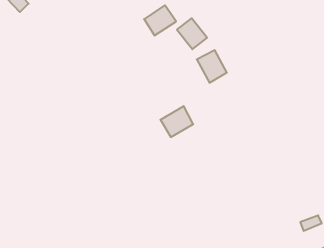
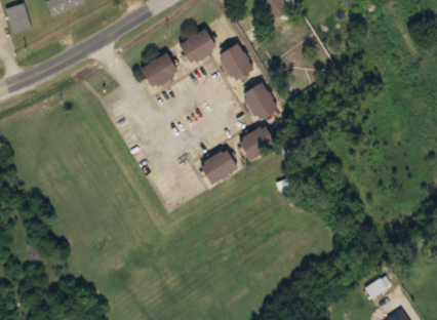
building: none -> [140,52,177,88]
building: none -> [237,124,276,161]

